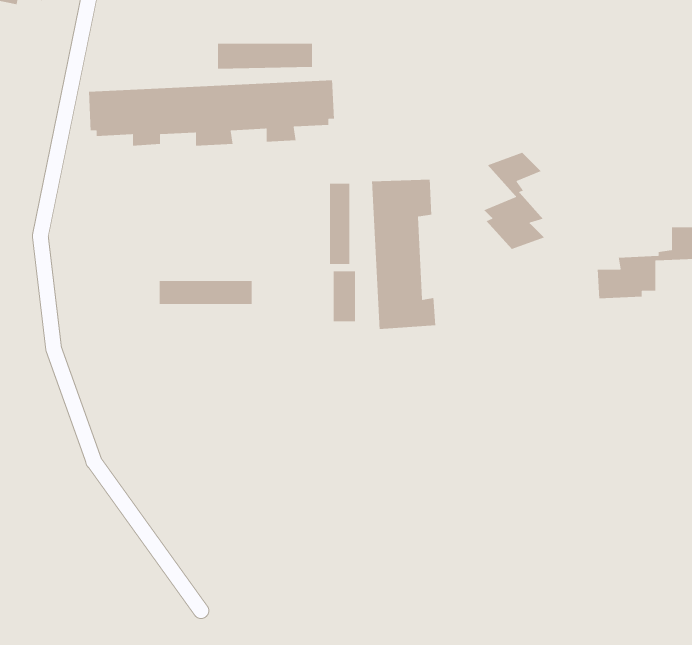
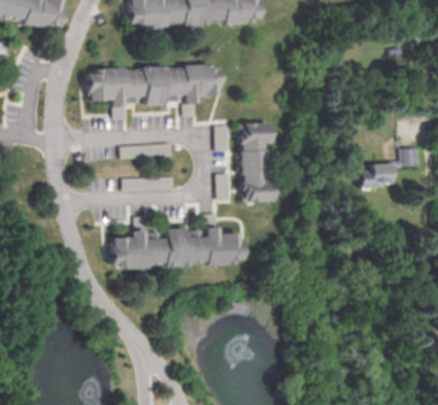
building: [217,43,313,70] -> [121,144,172,159]
building: [483,152,545,250] -> none
building: none -> [113,228,241,268]

